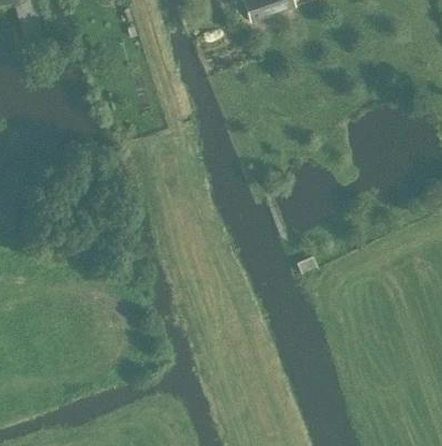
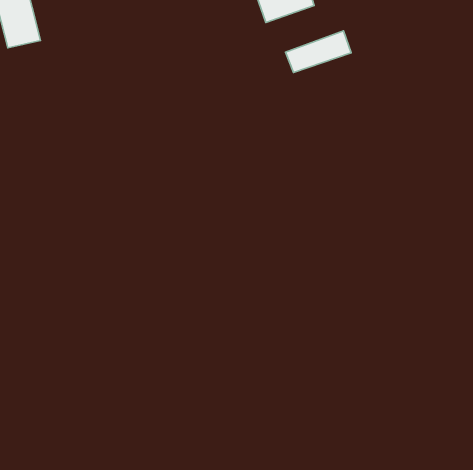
building: none -> [286,31,351,73]

